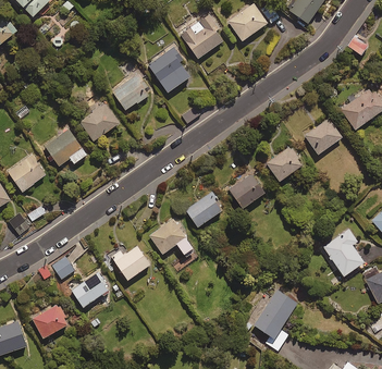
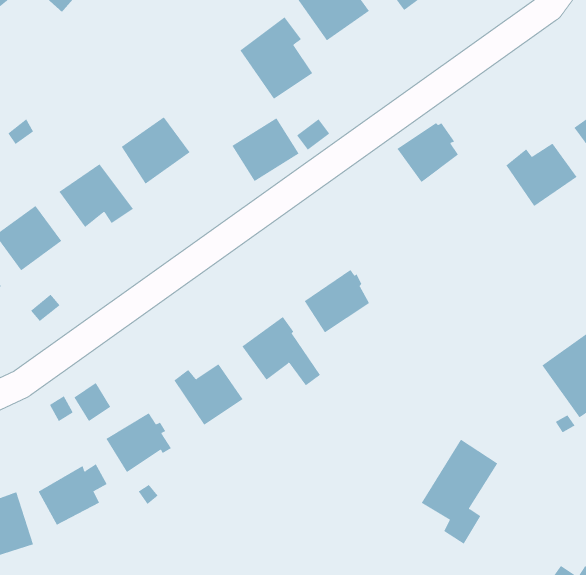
building: [112,73,151,110] -> [232,118,299,182]
building: [266,147,301,182] -> [397,123,459,183]
building: [229,173,266,209] -> none

